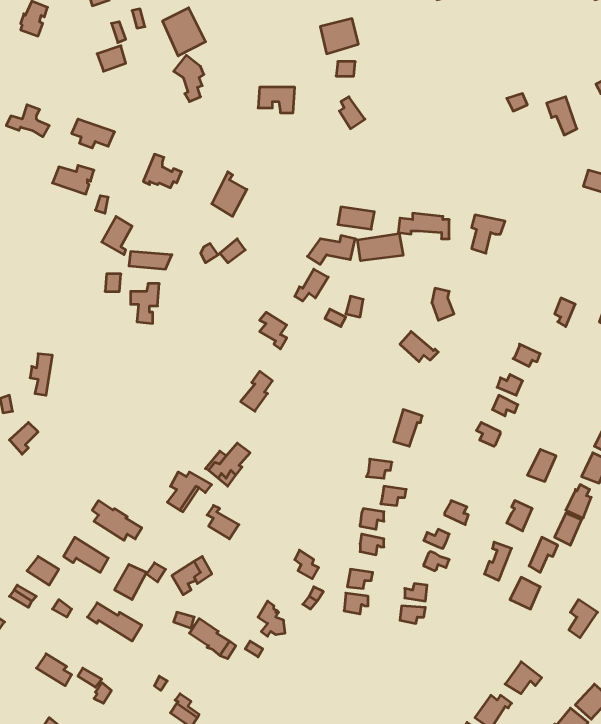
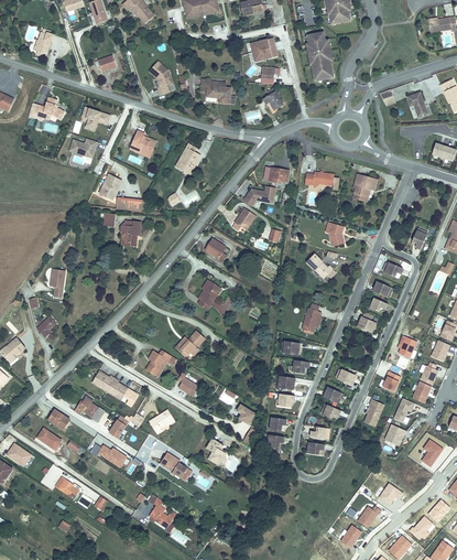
building: [163,8,206,56] -> none
building: none -> [308,33,334,80]
building: [357,233,403,261] -> none

